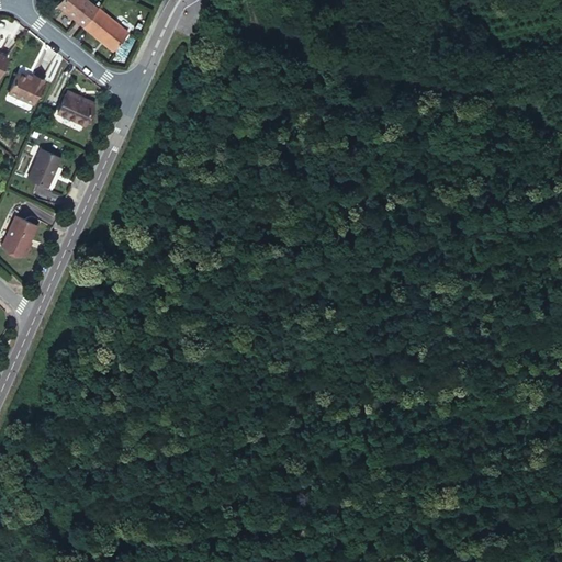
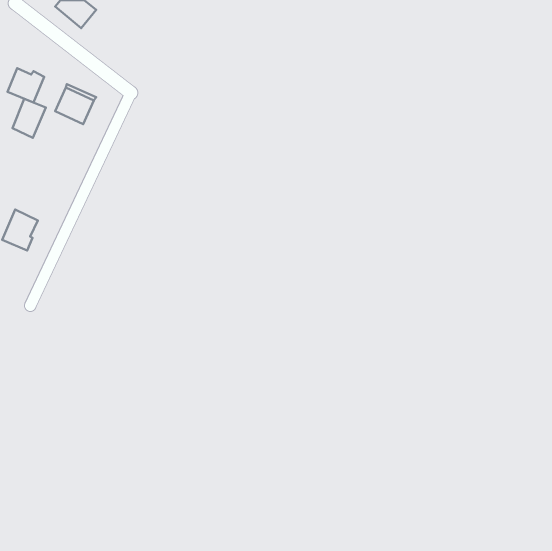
building: [82,9,130,56] -> none
building: [29,148,63,188] -> [12,99,46,138]

